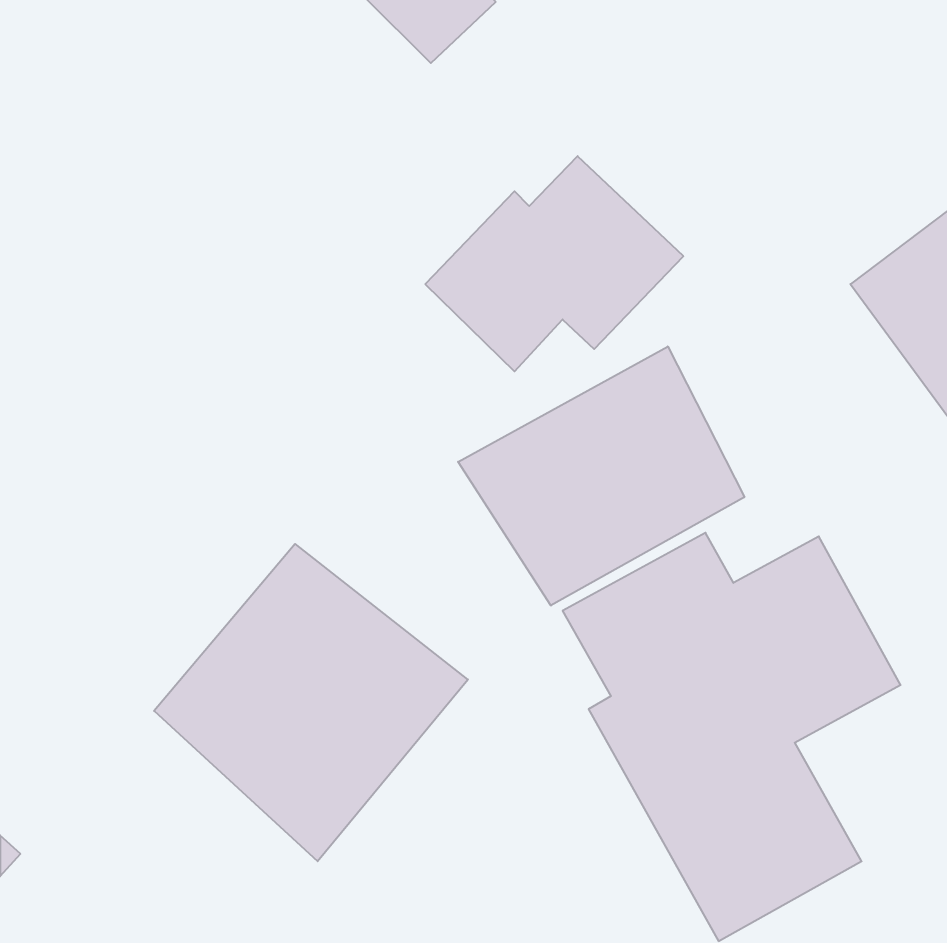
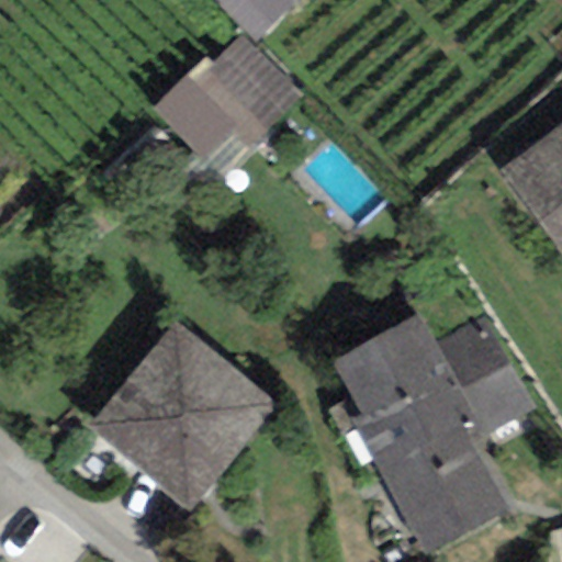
building: [425,156,683,371] -> [153,31,305,158]
building: [458,346,744,606] -> none

